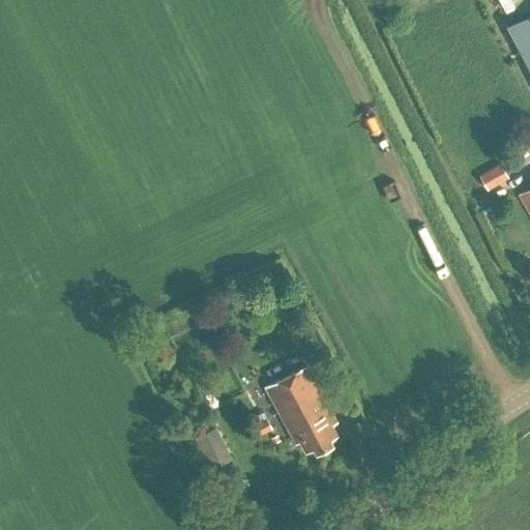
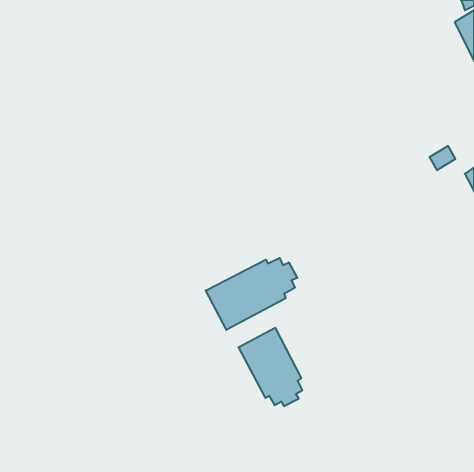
building: none -> [206,258,297,330]
building: [195,429,232,472] -> none

